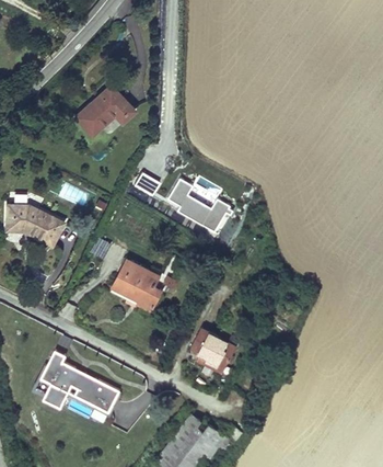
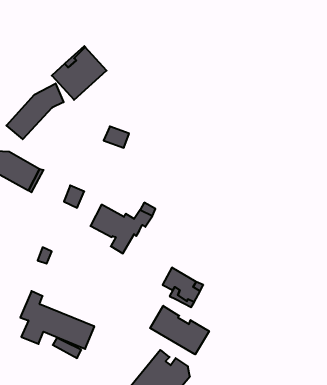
building: none -> [6,83,64,139]
building: [164,180,229,232] -> none
building: none -> [150,306,209,354]

